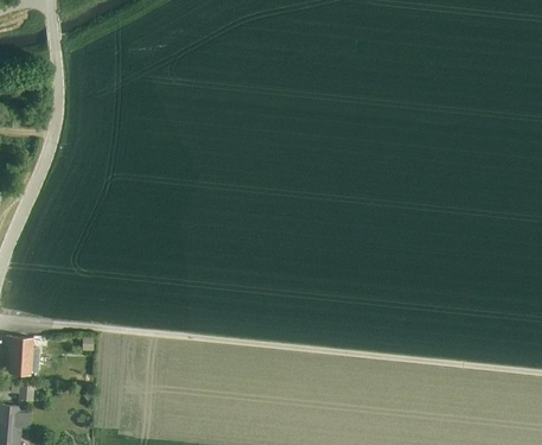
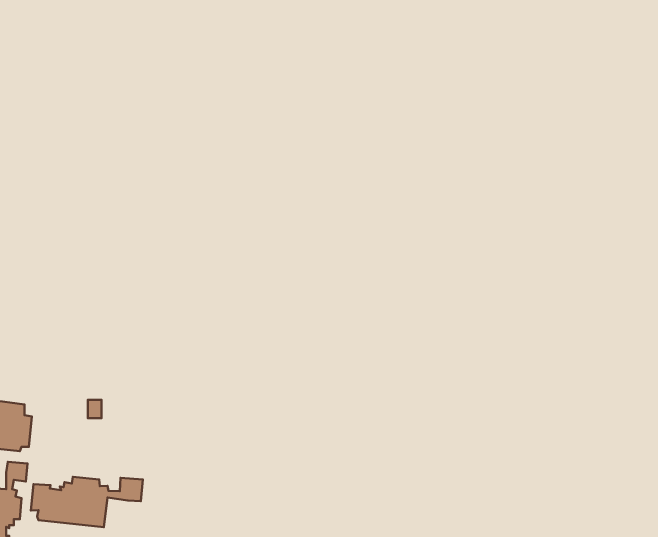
building: none -> [31,477,143,527]

